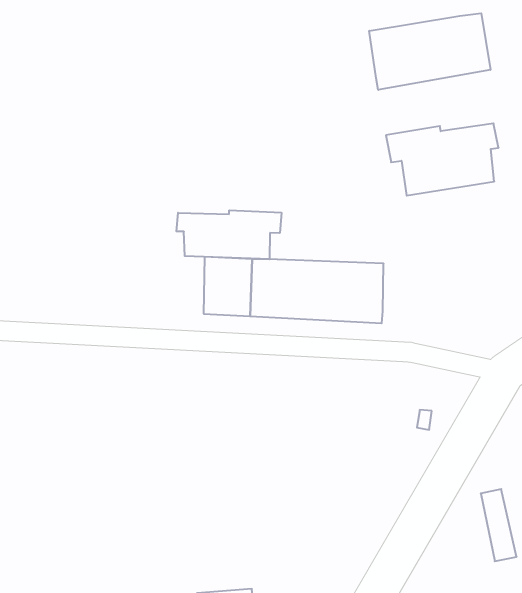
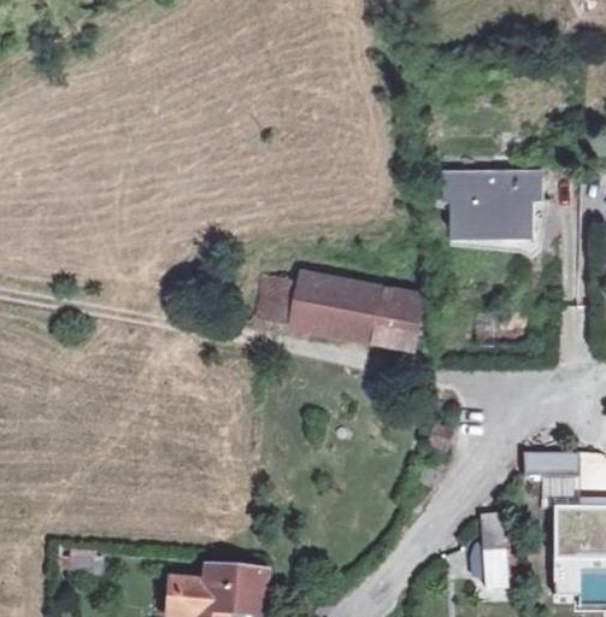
building: [369,13,490,90] -> none
building: [176,210,281,259] -> none

